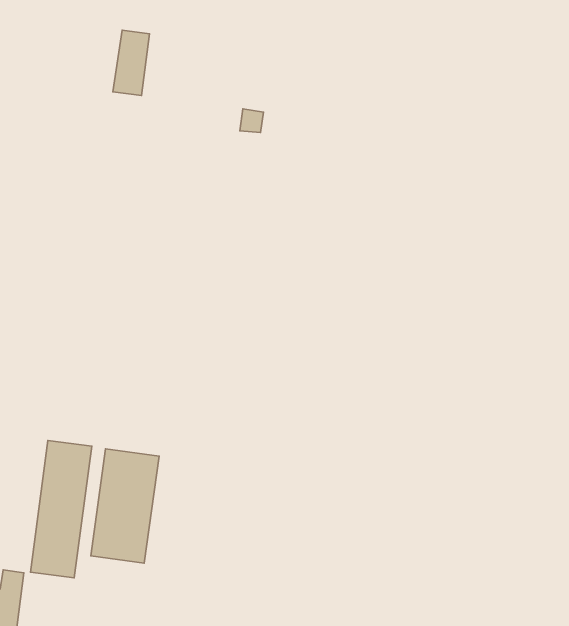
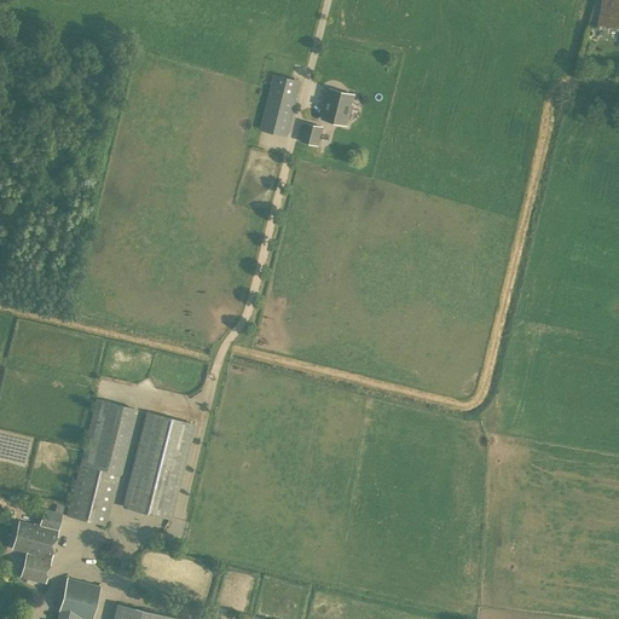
building: [113,30,149,95] -> [260,75,299,135]
building: none -> [322,88,352,125]

